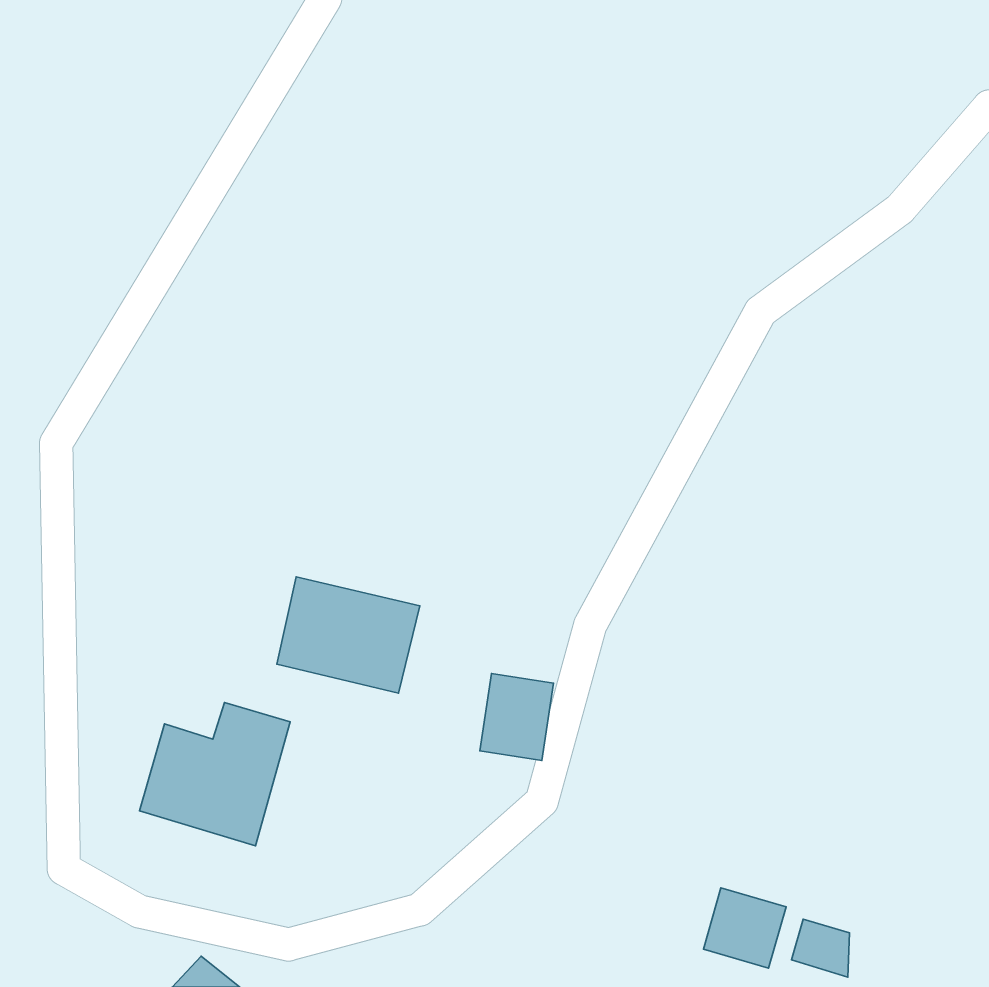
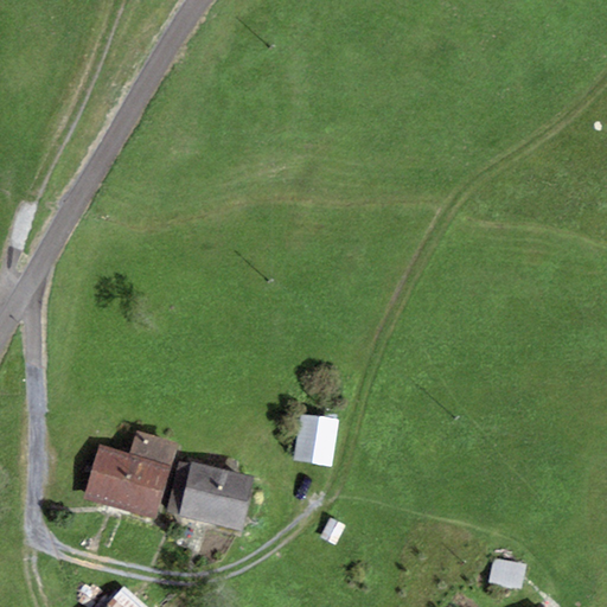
building: [277,577,420,693] -> [167,458,255,529]
building: [703,888,786,968] -> none

